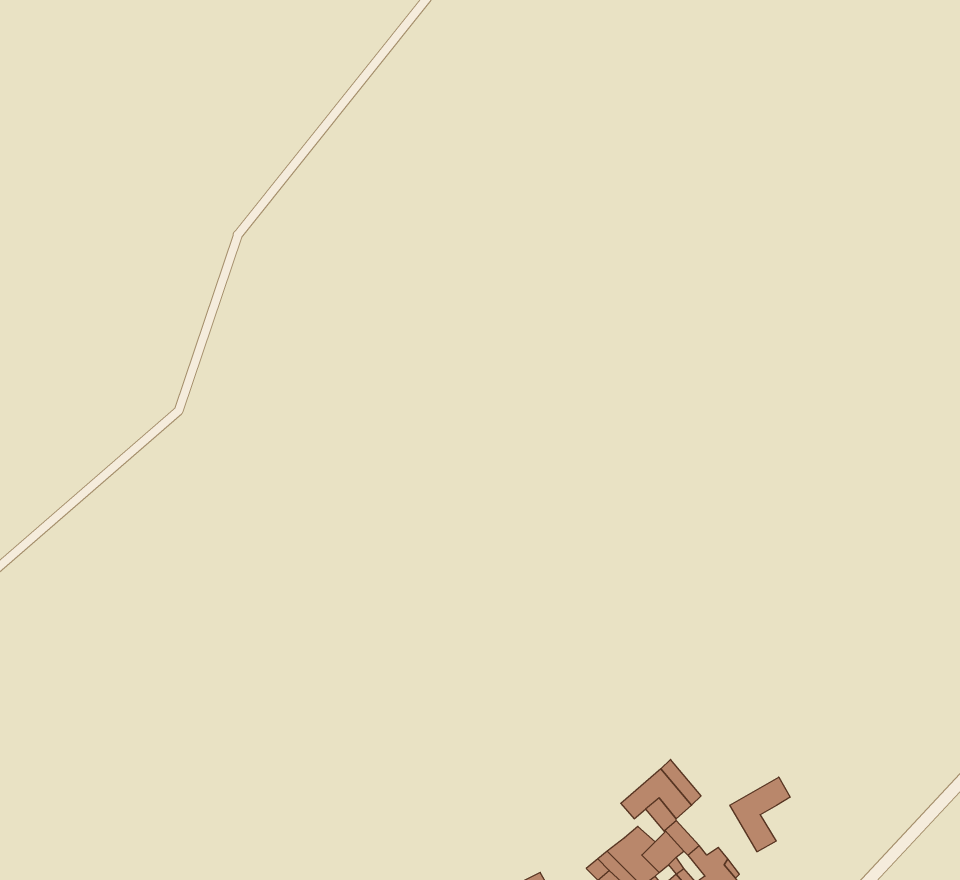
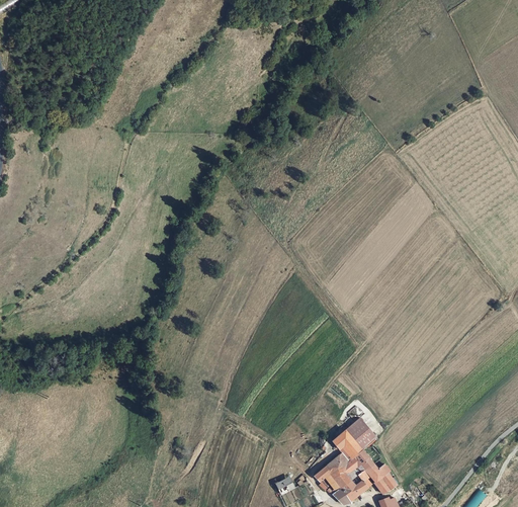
building: [730,777,790,852] -> none

